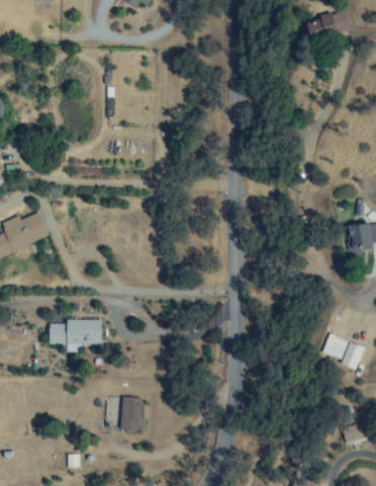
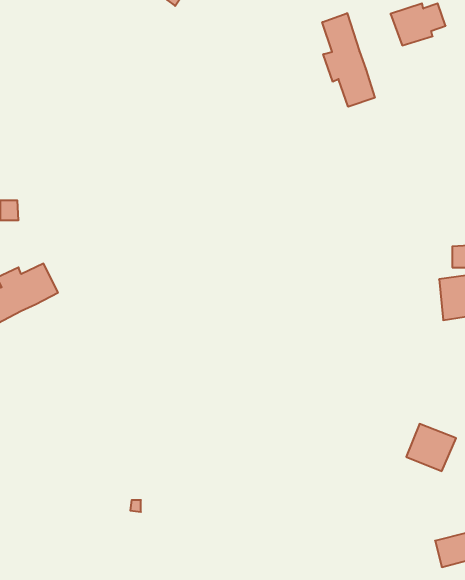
building: none -> [322,13,375,107]
building: [51,319,102,344] -> none
building: [120,396,146,427] -> none

